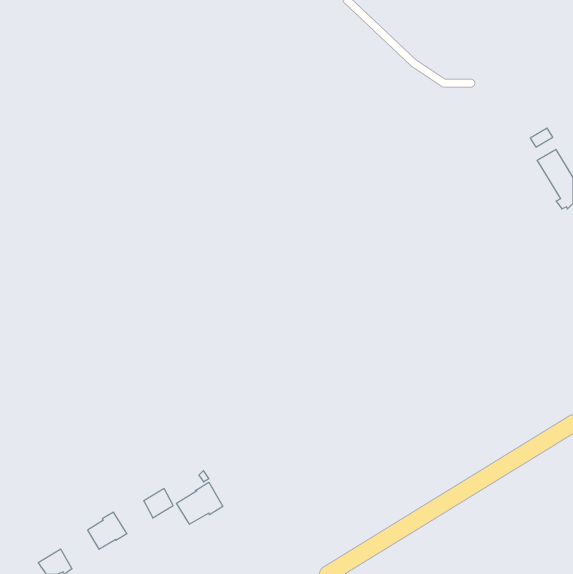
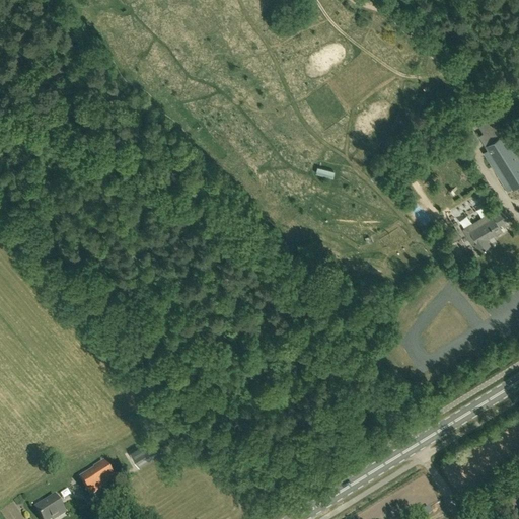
building: none -> [469,208,508,250]
building: [176,482,223,524] -> none

